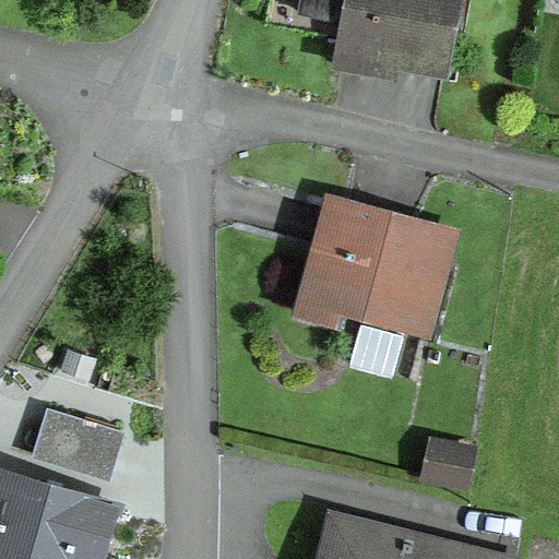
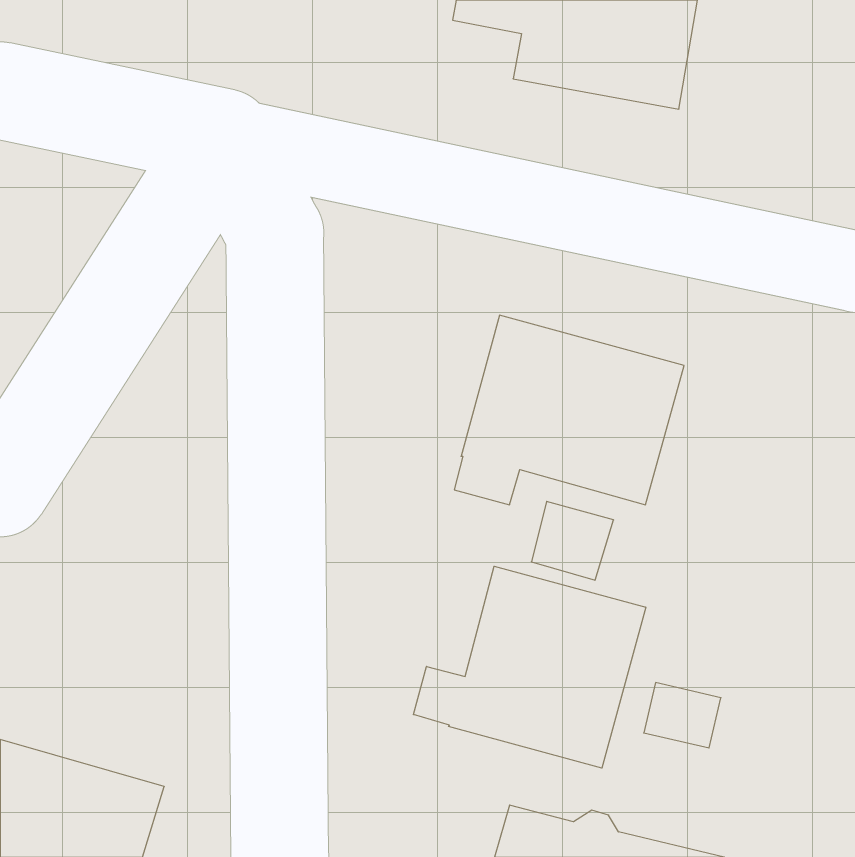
building: none -> [413,566,646,768]
building: [46,416,139,488] -> none

